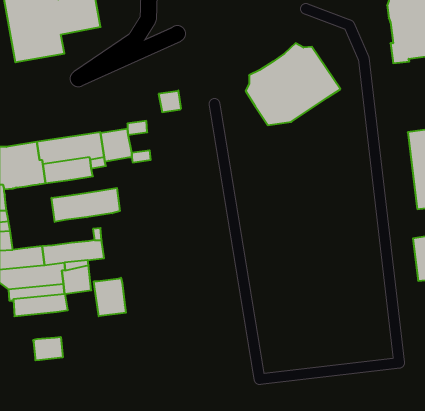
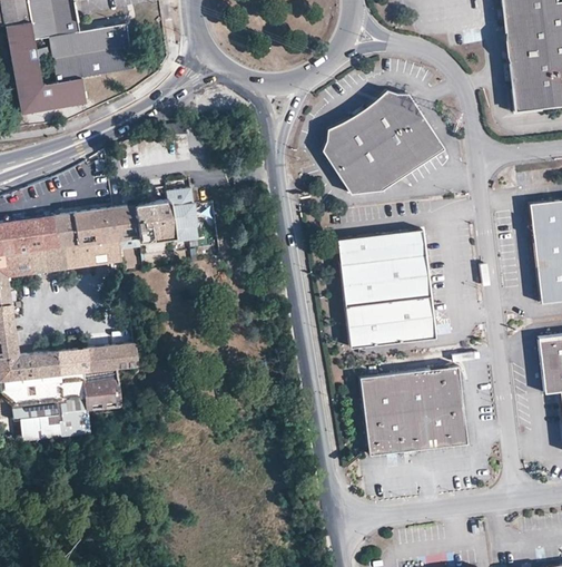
building: [159,90,181,112] -> [170,202,199,229]
building: none -> [336,228,435,346]
building: [52,188,120,222] -> none
building: none -> [359,365,466,453]
building: [94,278,126,316] -> none
building: [33,337,63,360] -> none

